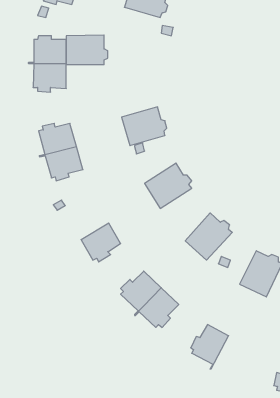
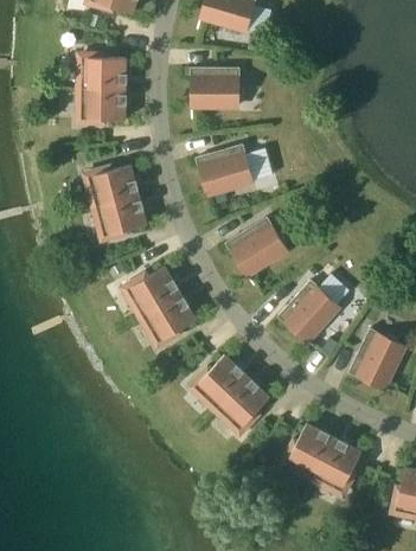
building: [66,35,108,65] -> [191,68,244,105]
building: none -> [128,267,180,319]
building: none -> [312,438,361,489]

